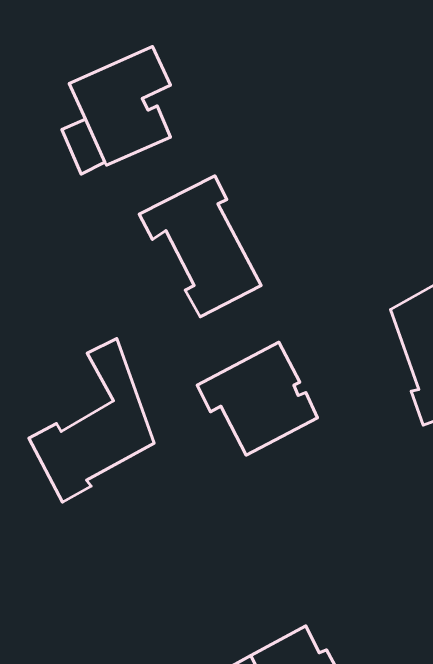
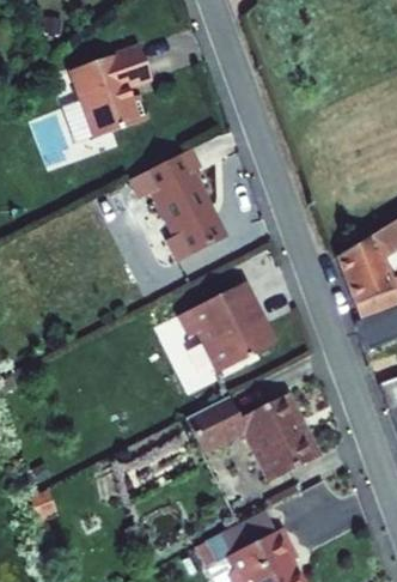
building: [29,338,154,502] -> none
building: none -> [187,393,320,480]

